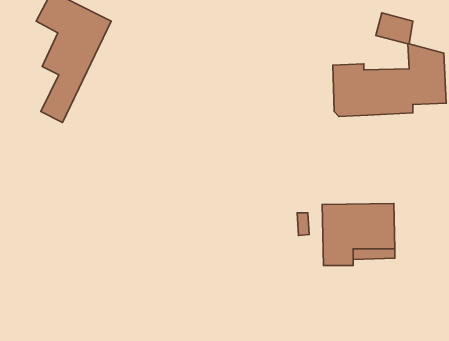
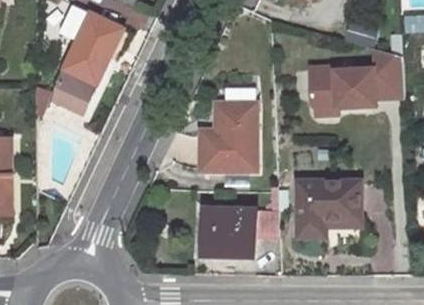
building: none -> [202,103,257,170]
building: none -> [202,209,280,254]

